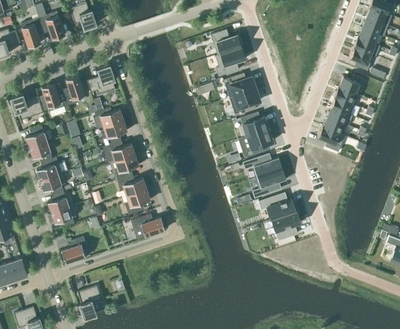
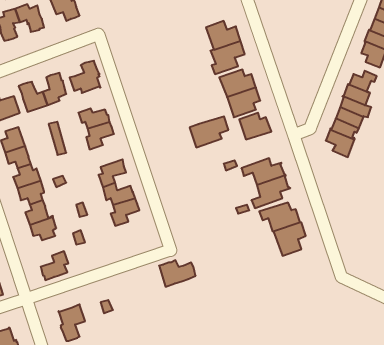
building: [238,129,273,157] -> [190,116,228,147]
building: [105,141,135,161] -> none
building: [131,215,164,239] -> [159,260,196,287]

